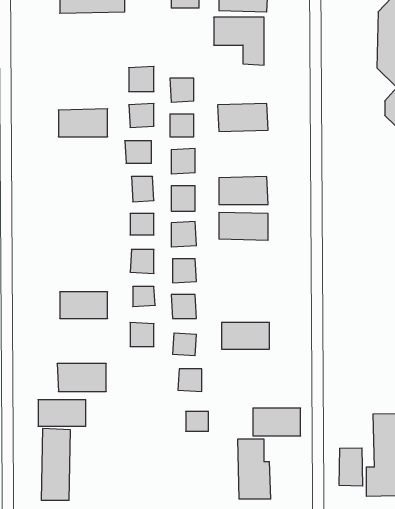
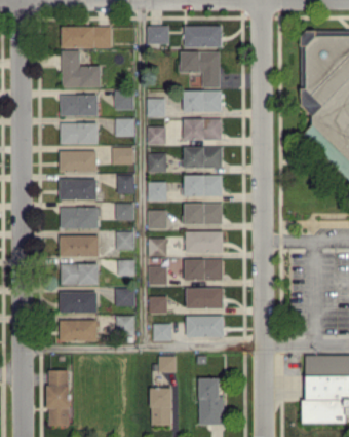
building: none -> [61,50,100,87]
building: none -> [183,90,221,112]
building: none -> [60,95,98,116]
building: none -> [184,147,222,168]
building: none -> [60,151,96,172]
building: none -> [59,180,96,201]
building: none -> [60,207,98,228]
building: none -> [185,231,223,253]
building: none -> [59,235,99,257]
building: none -> [184,259,222,281]
building: none -> [116,316,134,336]
building: [38,400,86,426] -> [60,292,96,313]
building: [253,408,301,436] -> [186,316,223,337]
building: [339,448,363,486] -> none
building: none -> [150,388,171,426]

